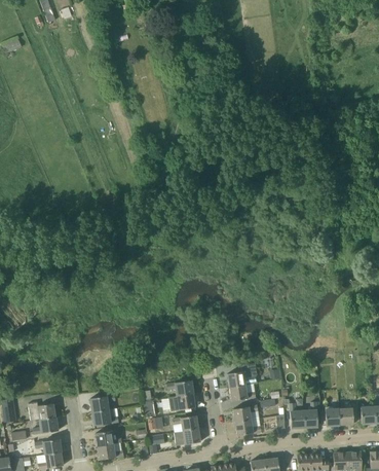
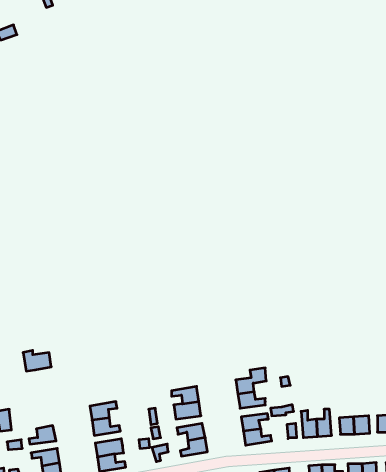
building: [28,402,54,422] -> [23,350,51,371]

